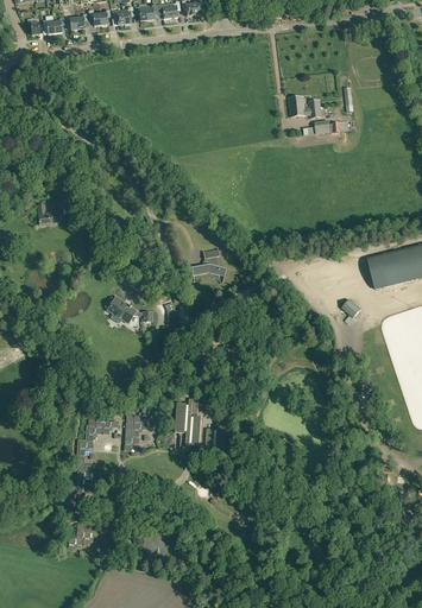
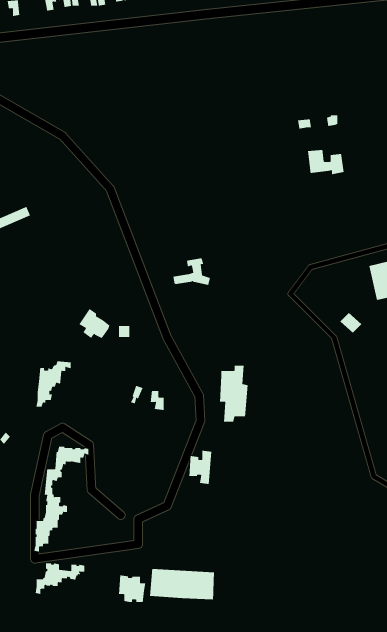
building: [289,96,322,119] -> [307,149,344,175]
building: [176,399,202,450] -> [219,365,248,422]
building: [124,408,156,450] -> [36,361,71,407]
building: none -> [150,568,215,601]

